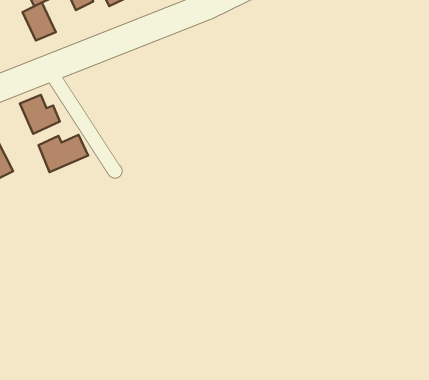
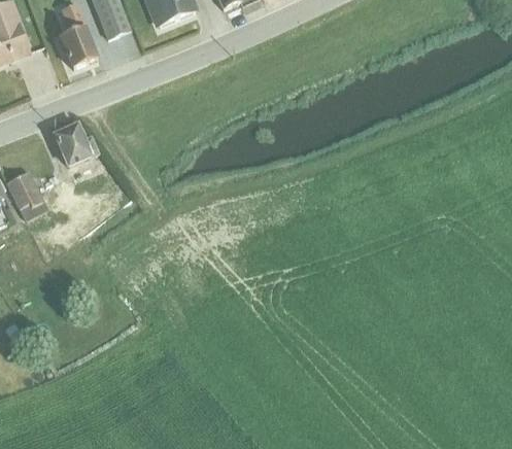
building: [38,135,88,172] -> none

